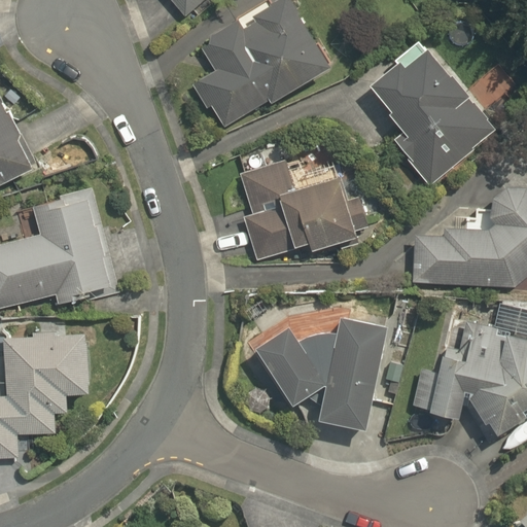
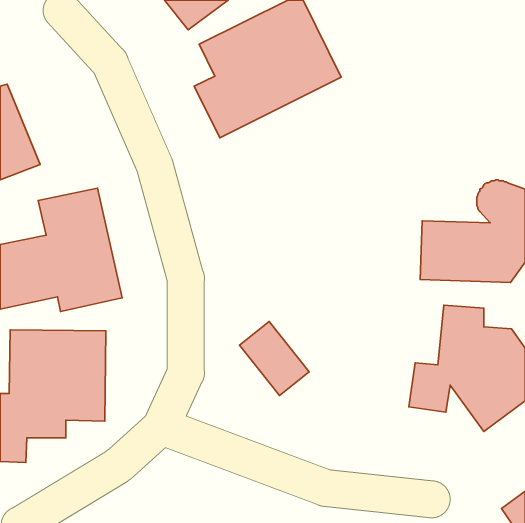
building: [354,26,495,180] -> none
building: [229,148,360,267] -> none
building: [303,314,368,423] -> none

